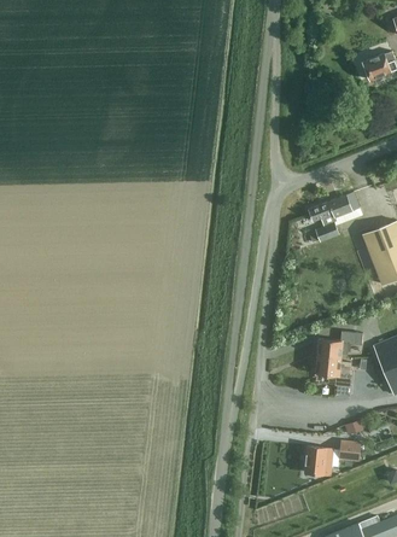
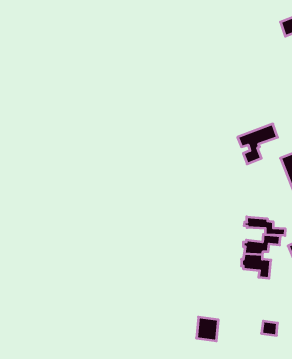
building: none -> [244,217,285,236]
building: [305,445,333,475] -> [196,317,218,341]

